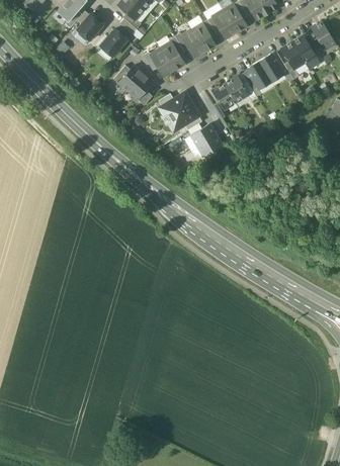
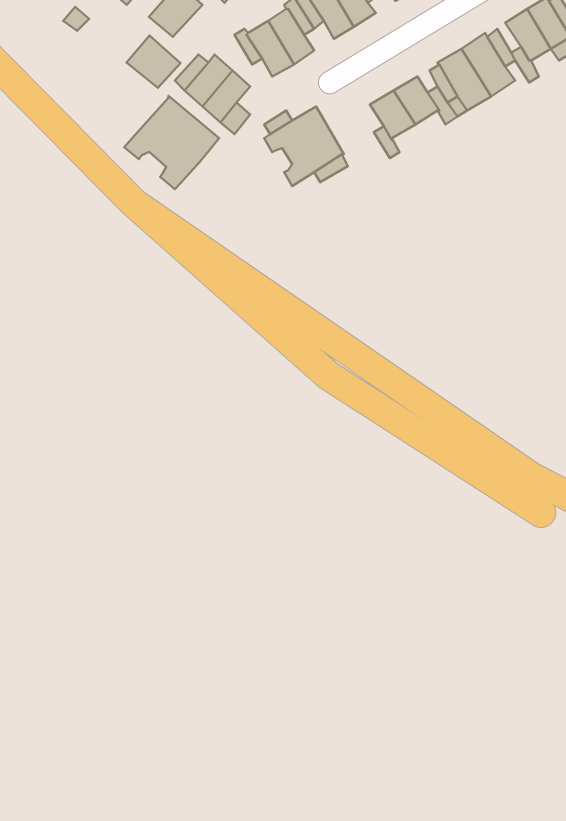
building: none -> [127,36,181,88]
building: none -> [124,96,219,189]
building: [190,123,221,155] -> none

